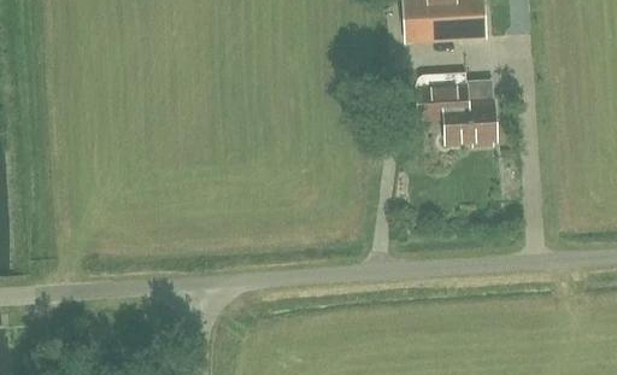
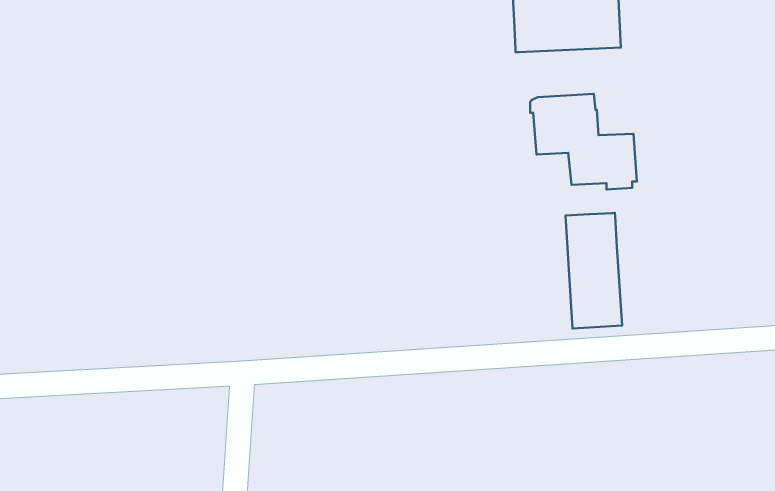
building: none -> [565,213,622,328]

